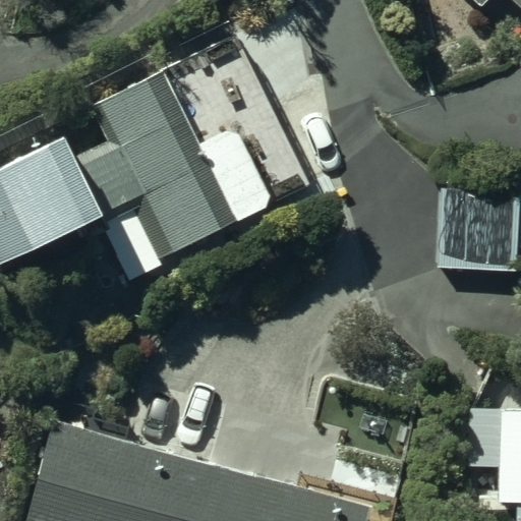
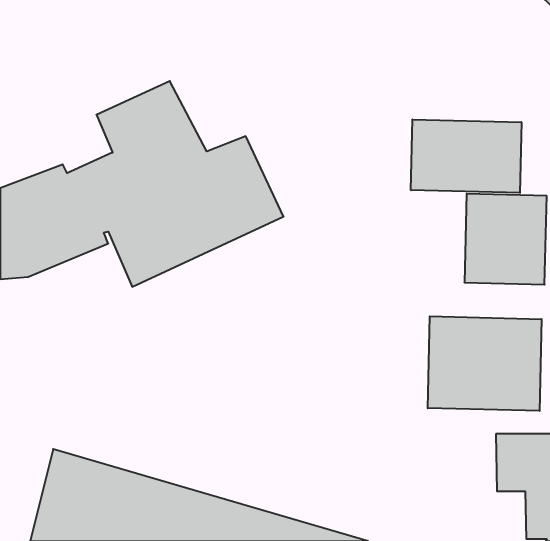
building: none -> [411,119,521,193]
building: none -> [428,316,542,411]

